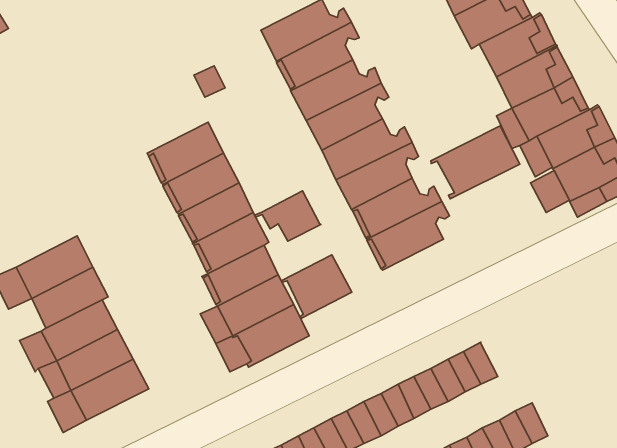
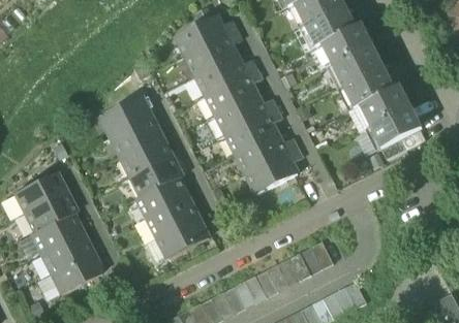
building: [431,126,520,199] -> none
building: [255,191,321,241] -> none
building: [281,255,352,318] -> none

